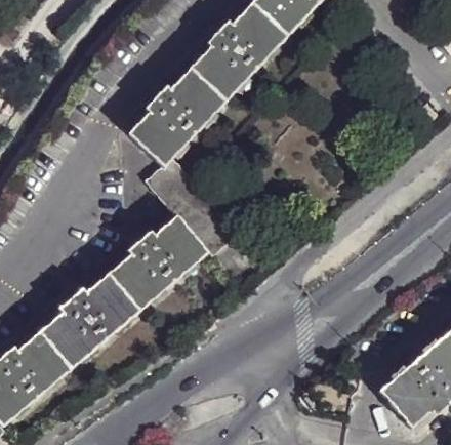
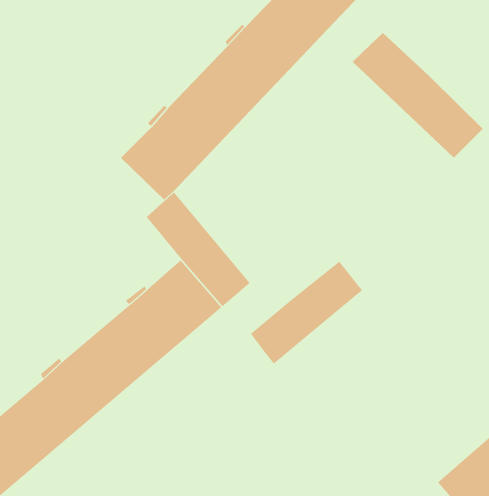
building: none -> [352,32,483,159]
building: none -> [250,261,363,364]

